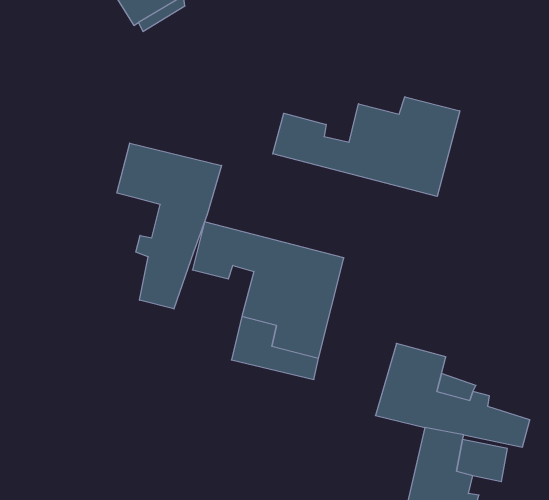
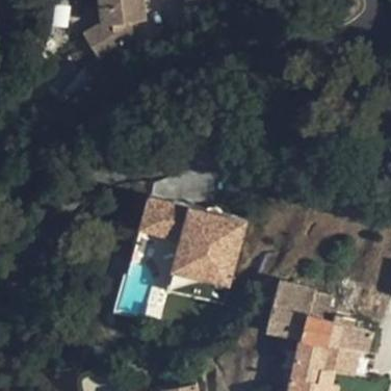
building: [273,97,460,196] -> none
building: [117,143,222,309] -> none

